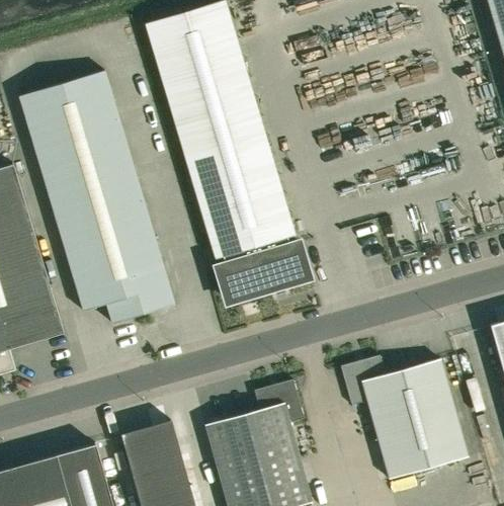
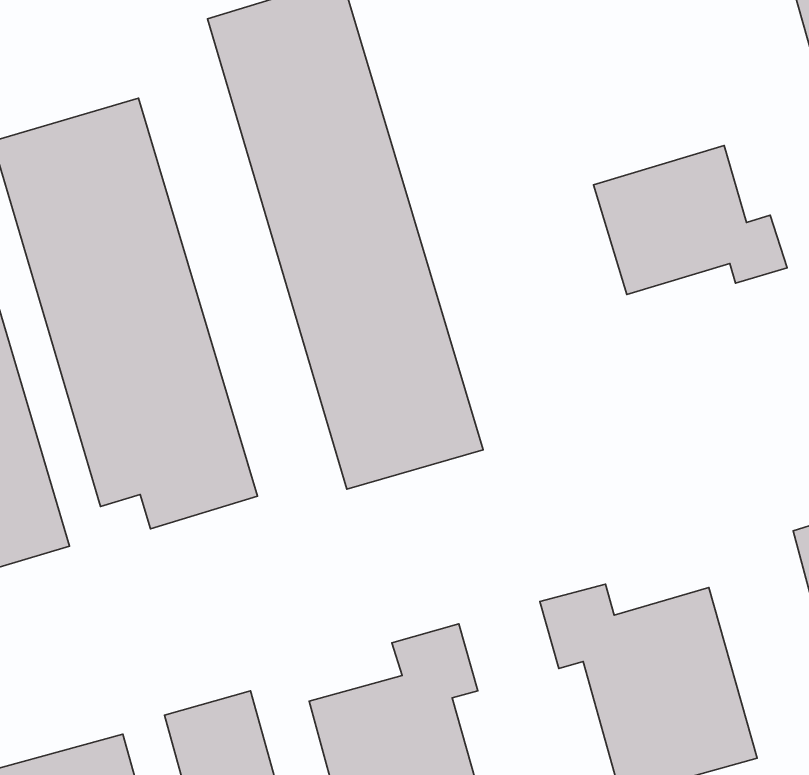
building: none -> [593,146,787,295]

